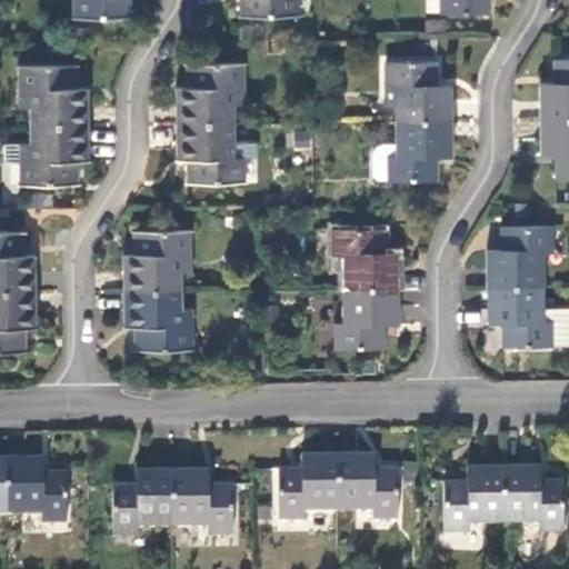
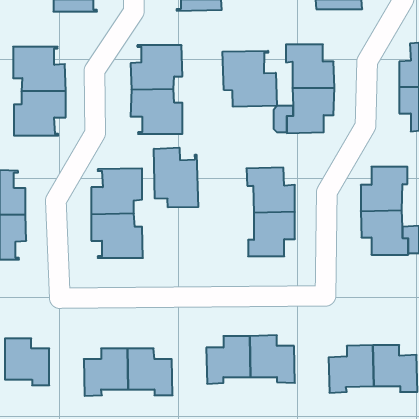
building: none -> [223,51,277,107]
building: none -> [154,148,198,207]

